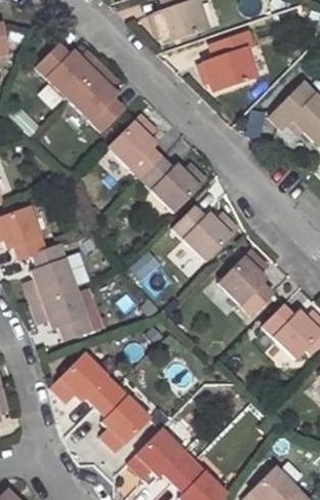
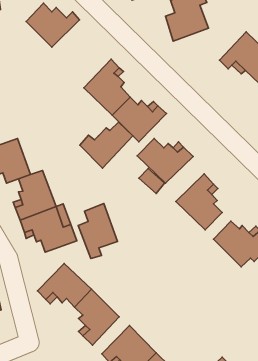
building: [70,66,126,133] -> none
building: none -> [80,122,133,168]
building: none -> [78,203,118,258]

